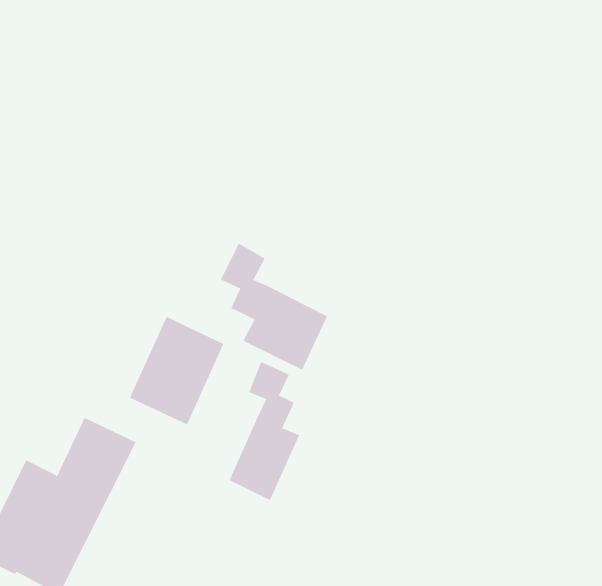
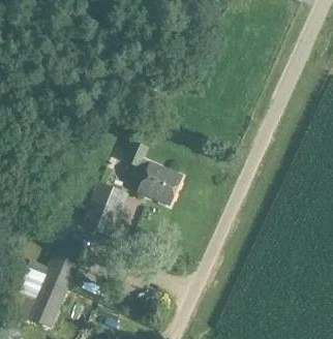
building: [229,361,300,501] -> none

